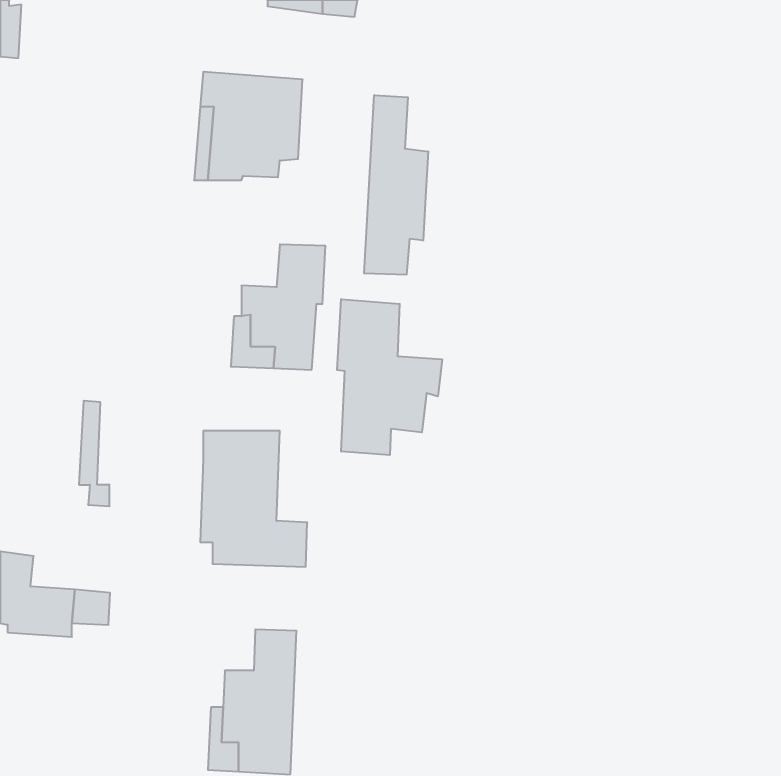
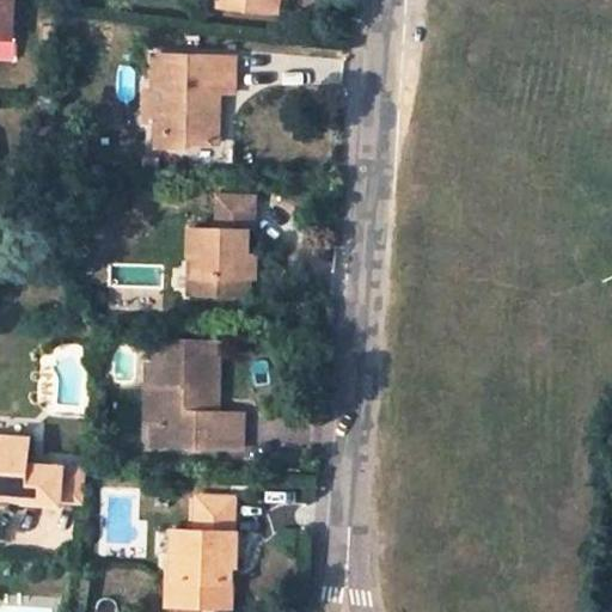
building: [364,95,428,275] -> none
building: [337,299,442,455] -> none
building: [79,401,110,506] -> [142,362,166,445]

